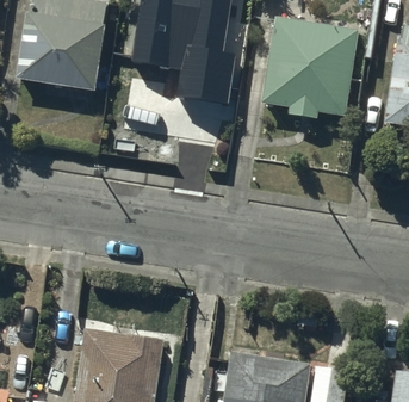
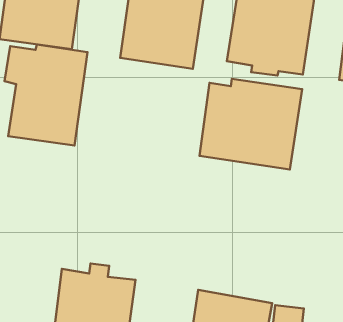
building: none -> [5,44,88,146]
building: none -> [199,79,302,170]

